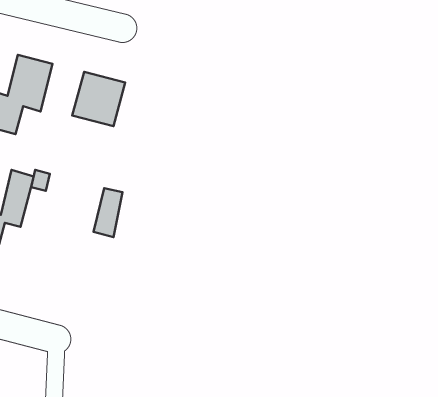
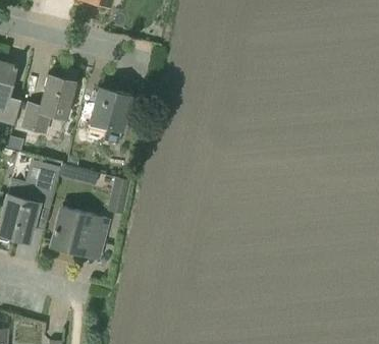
building: none -> [53,207,107,254]

